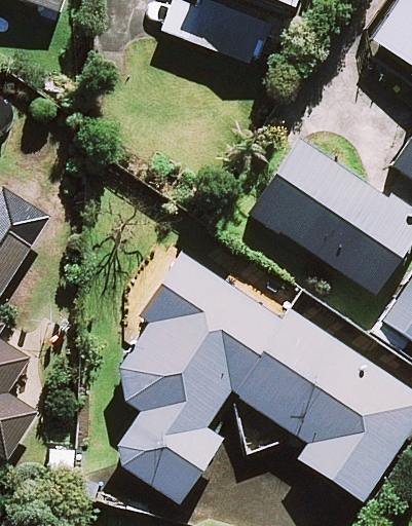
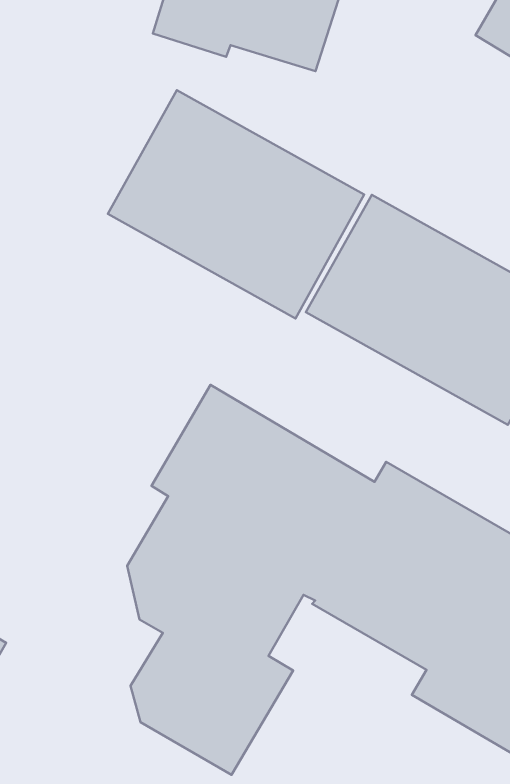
building: none -> [108,90,364,318]

